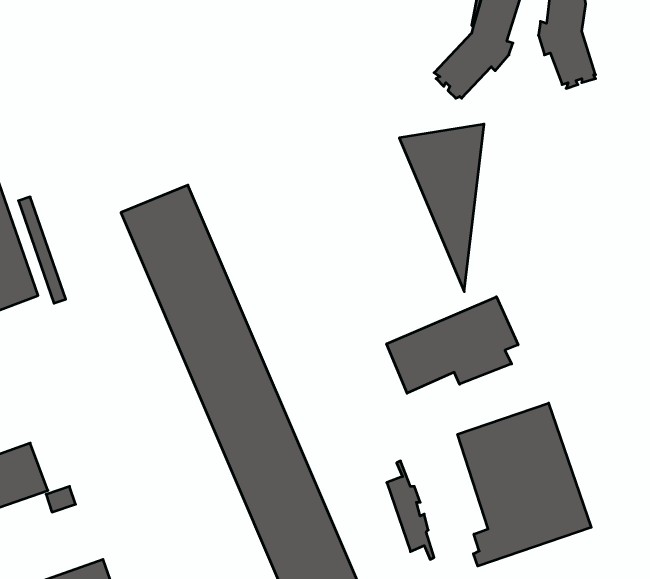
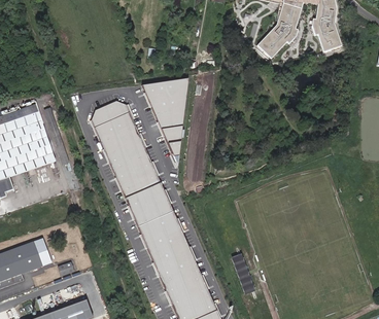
building: [399,124,484,292] -> [141,77,185,165]
building: [387,297,518,393] -> none
building: [458,403,591,566] -> none

